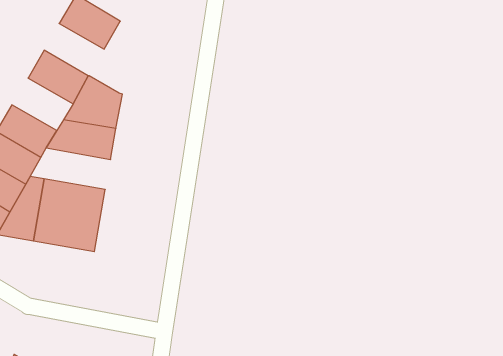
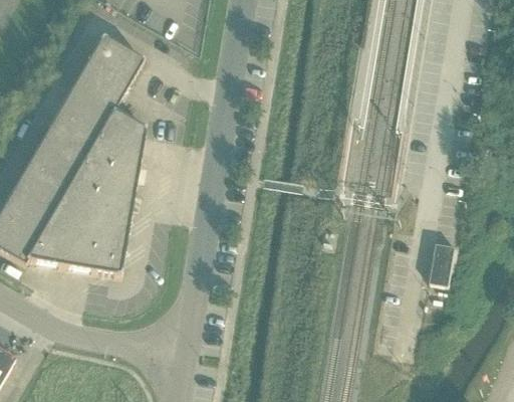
building: none -> [72,58,128,108]
building: none -> [42,110,99,159]
building: none -> [59,175,135,214]
building: none -> [431,239,456,282]

